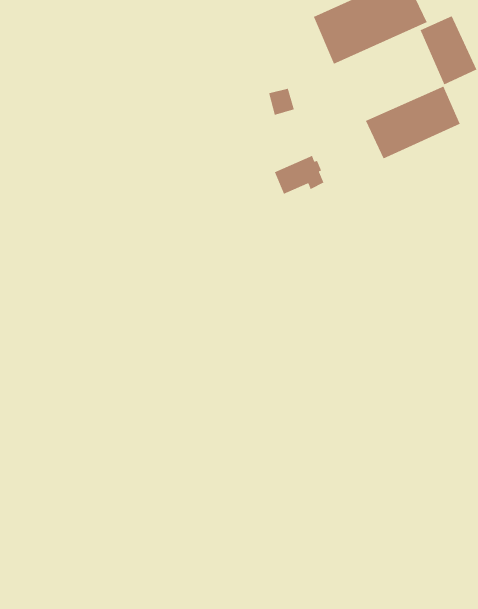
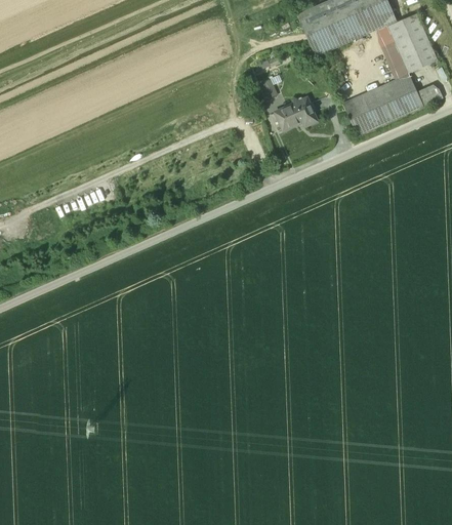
building: none -> [378,25,409,78]
building: [274,155,325,195] -> [275,96,318,130]

